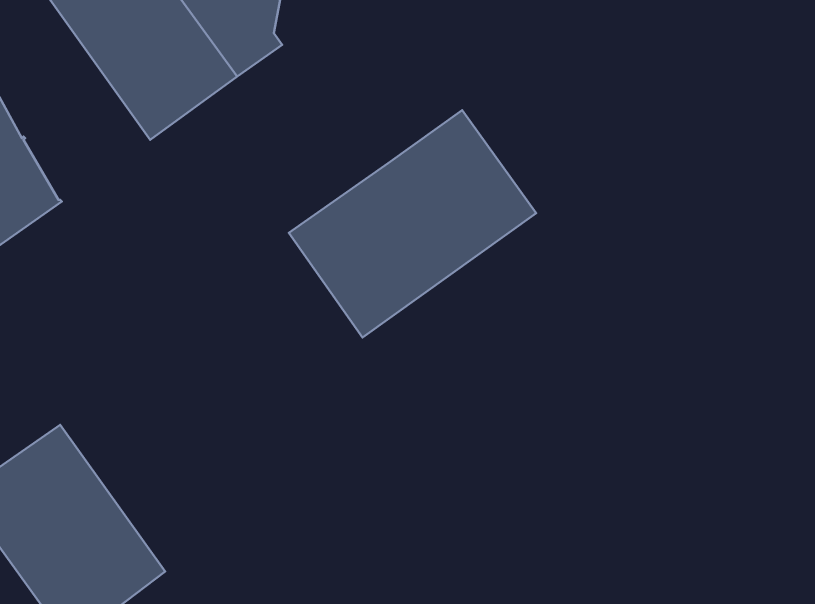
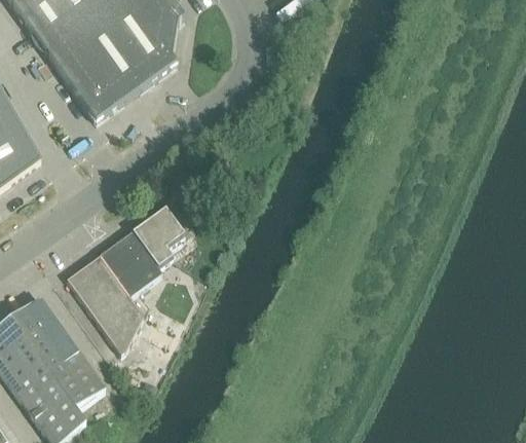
building: [289,110,536,338] -> none
building: none -> [66,206,185,353]

